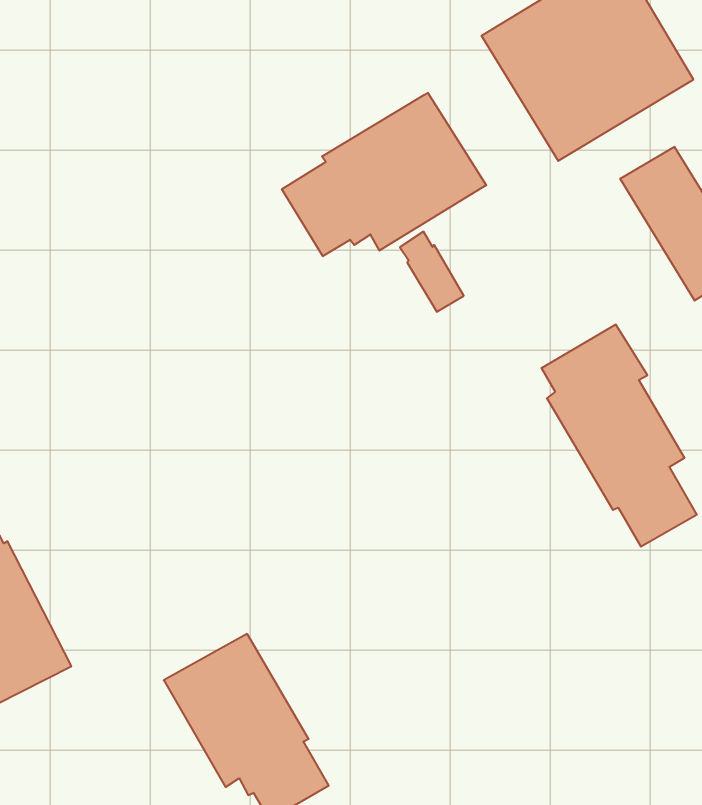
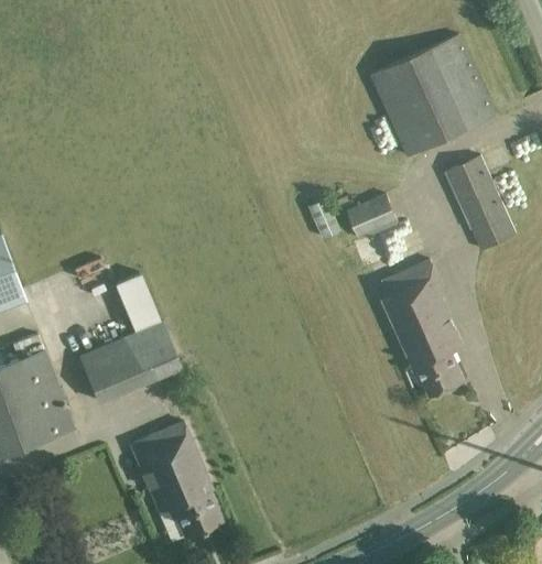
building: [282,93,486,256] -> none
building: none -> [347,195,399,241]
building: none -> [78,274,183,404]

